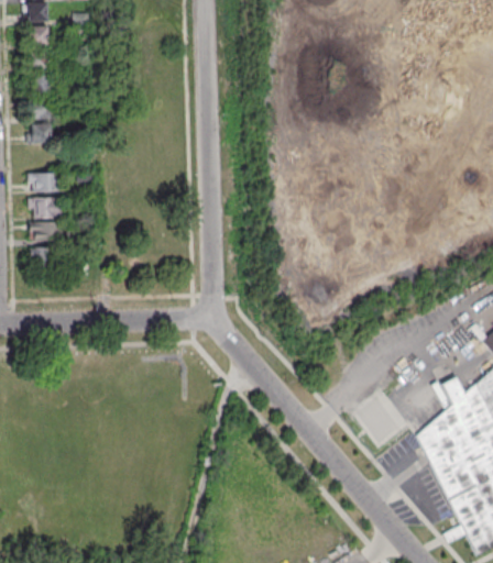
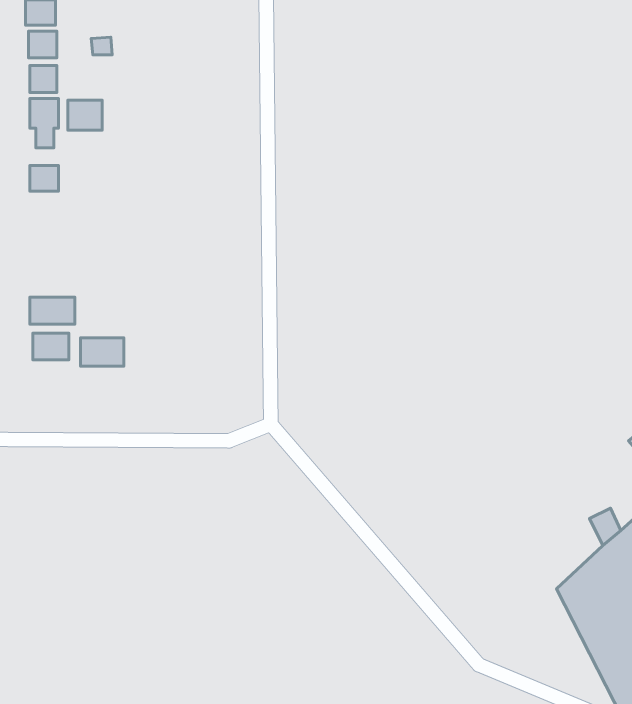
building: none -> [68,100,102,130]
building: [30,174,63,192] -> none
building: [30,198,62,219] -> [80,338,124,366]

